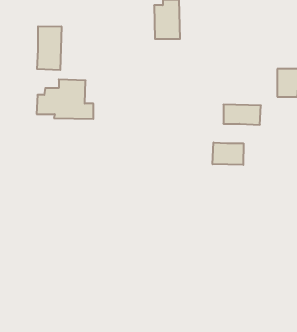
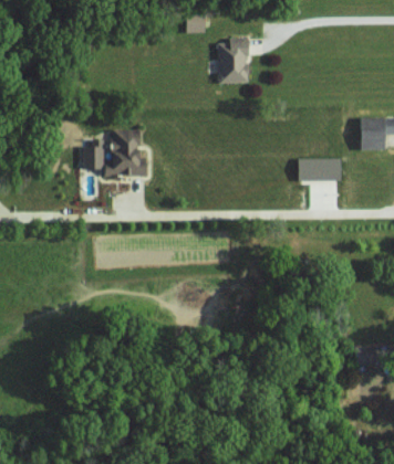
building: [37,26,61,70] -> none
building: [213,142,243,165] -> none

